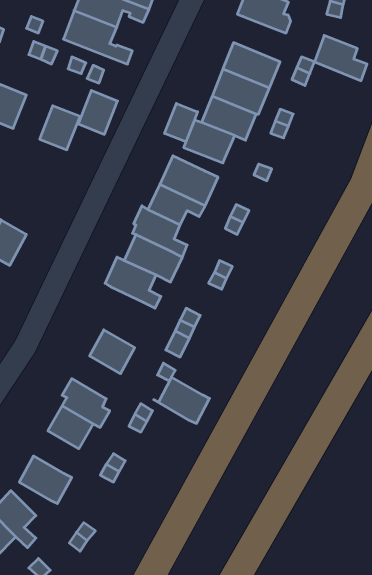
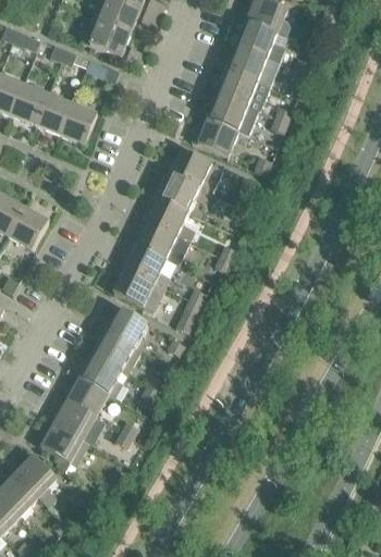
building: [315,35,367,81] -> [237,21,285,62]
building: [78,90,118,134] -> [36,92,72,133]
building: [165,103,198,142] -> none
building: none -> [113,268,165,306]
building: [154,377,210,423] -> [89,331,140,373]
building: none -> [54,399,106,444]

